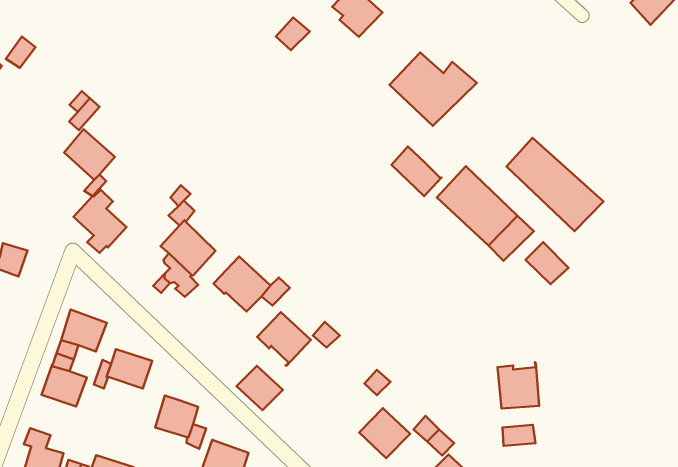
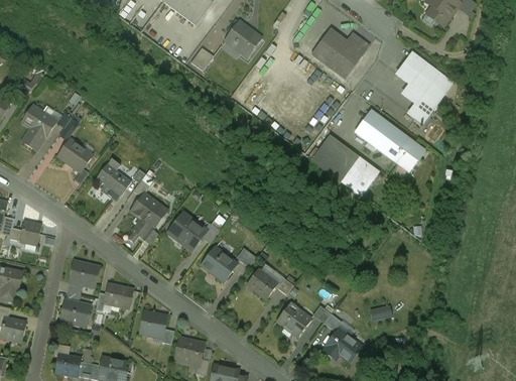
building: [389,52,477,126] -> [310,27,369,76]
building: none -> [395,52,452,122]
building: none -> [21,105,56,150]
building: [391,147,441,196] -> none
building: [74,190,127,253] -> [95,157,131,200]
building: [526,242,568,284] -> none
building: [497,362,539,409] -> none
building: [237,366,283,410] -> [246,268,277,297]

